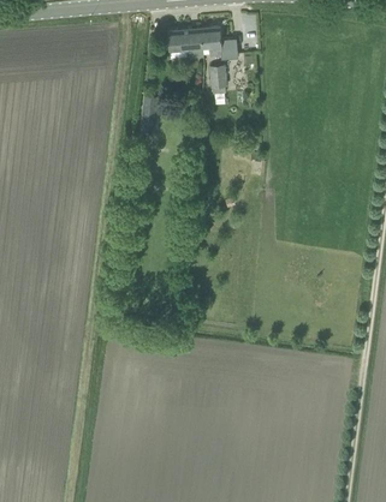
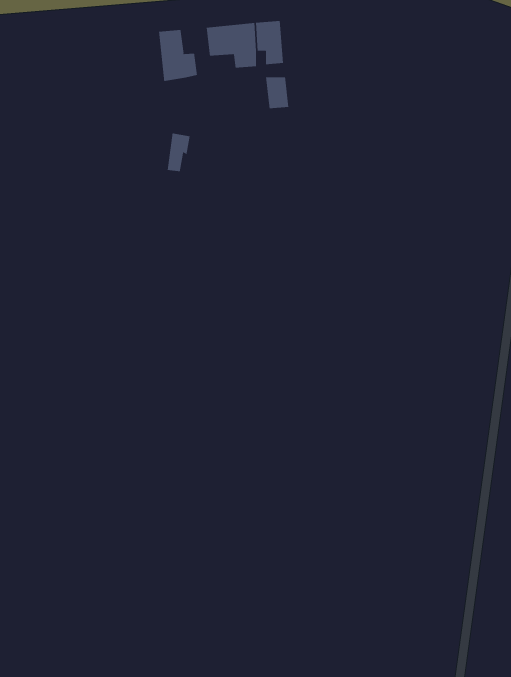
building: none -> [159,29,197,82]

